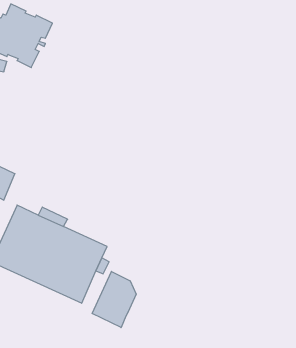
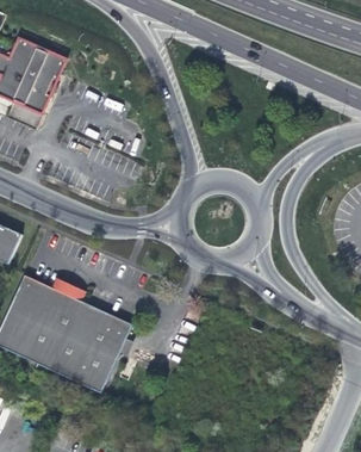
building: [92,271,136,328] -> none

